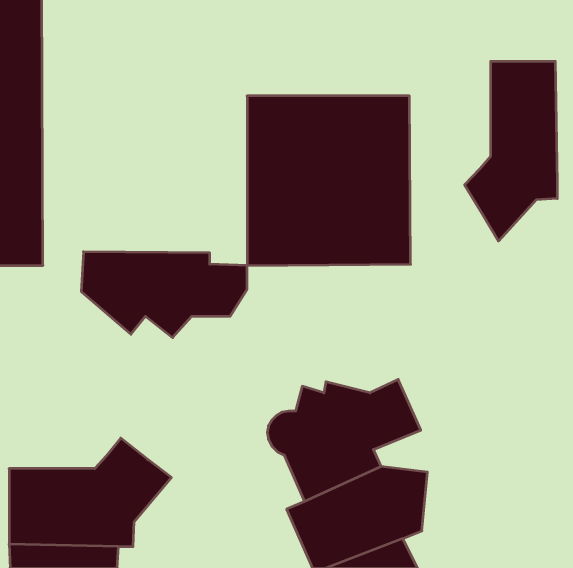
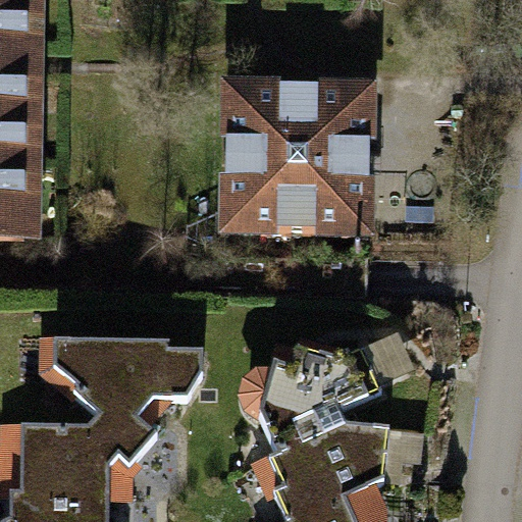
building: [465,61,557,241] -> none
building: [81,252,247,338] -> [51,337,201,415]

